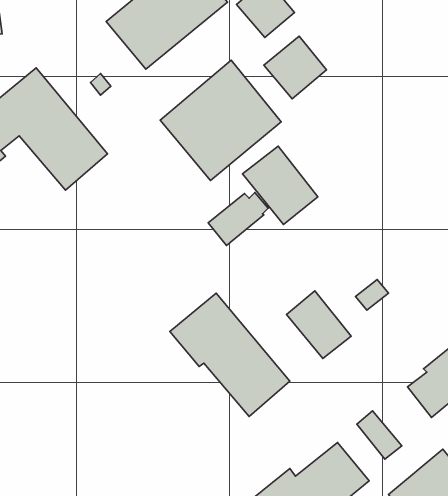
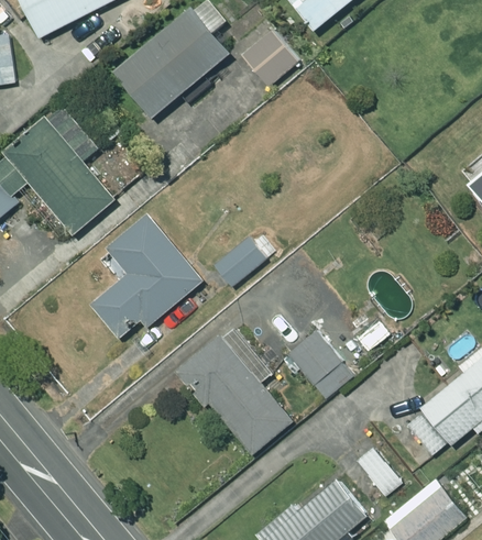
building: [264,36,327,99] -> none
building: [160,60,281,180] -> none
building: [242,146,318,225] -> none
building: none -> [89,213,202,340]

